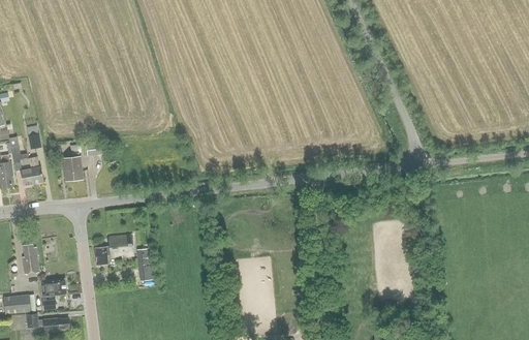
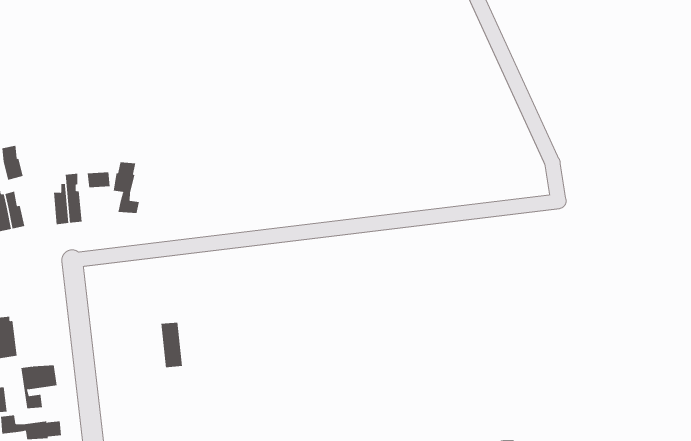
building: none -> [113,162,139,214]
building: [94,236,131,265] -> none

